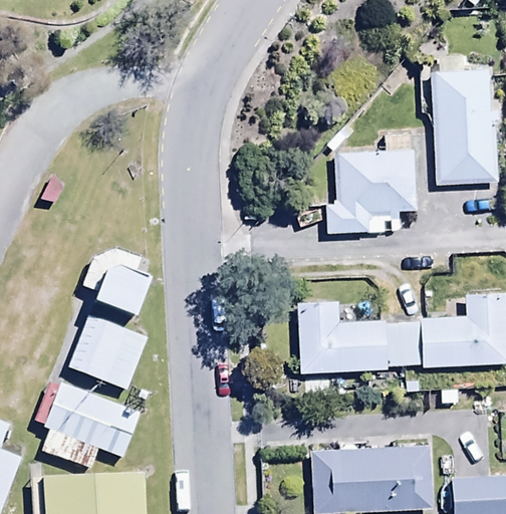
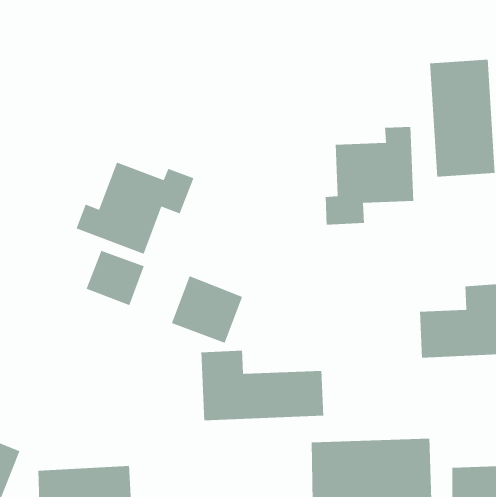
building: none -> [76,162,194,255]
building: [296,301,420,372] -> [201,350,324,421]
building: [71,318,144,387] -> [171,275,243,344]
building: [44,386,136,462] -> none

